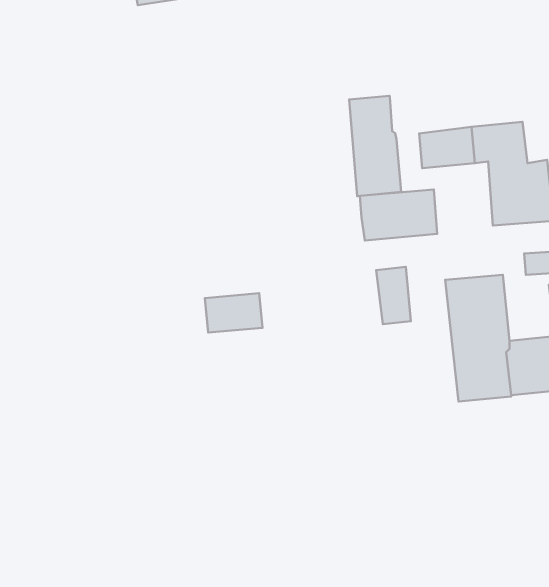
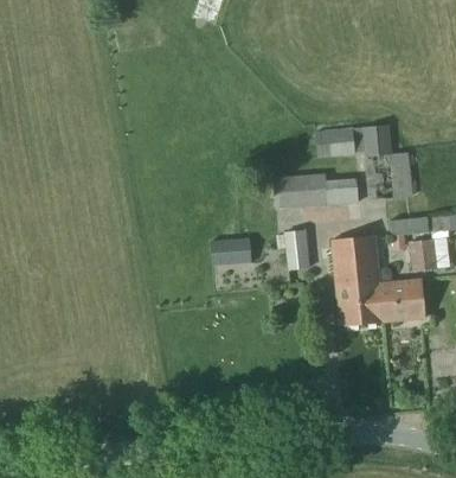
building: [349,96,401,196] -> none
building: none -> [329,179,360,206]
building: [205,293,262,333] -> [211,237,252,266]

